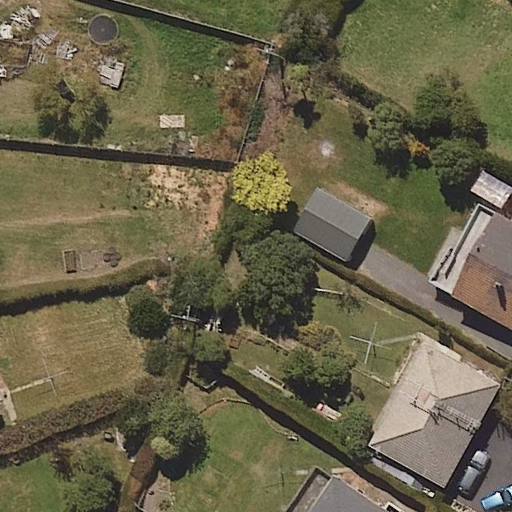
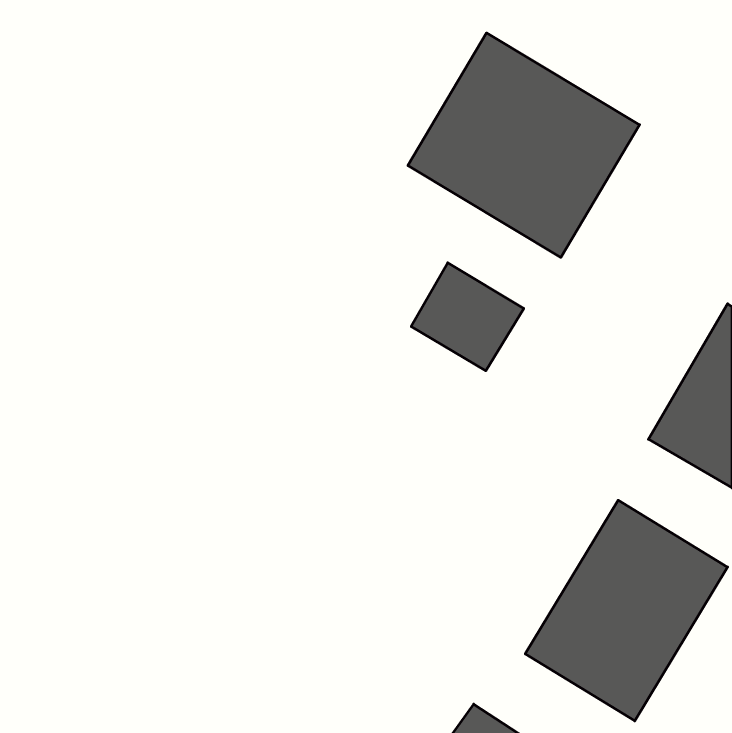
building: none -> [408,33,640,257]

